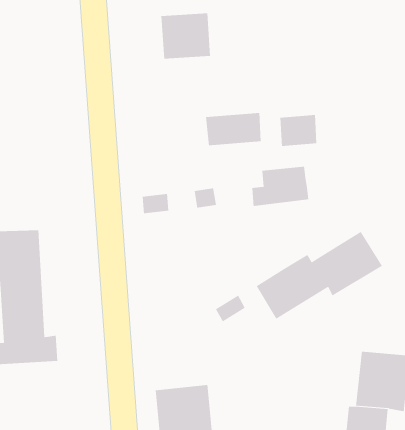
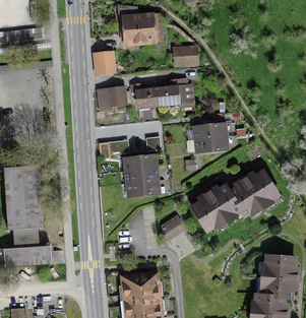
building: none -> [94,53,117,76]
building: none -> [98,86,128,109]
building: [280,115,317,146] -> [174,47,200,69]
building: none -> [136,88,156,110]
building: none -> [125,154,158,195]

